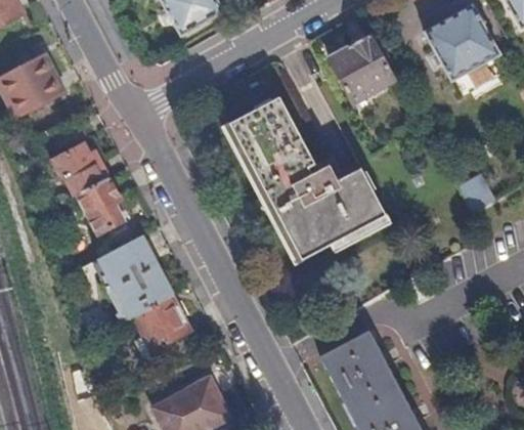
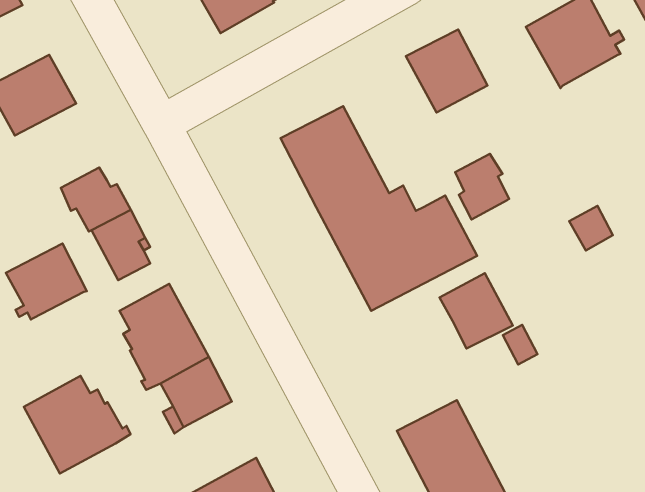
building: none -> [455,154,509,219]
building: none -> [6,244,87,320]
building: none -> [440,273,513,348]
building: none -> [24,376,131,473]

